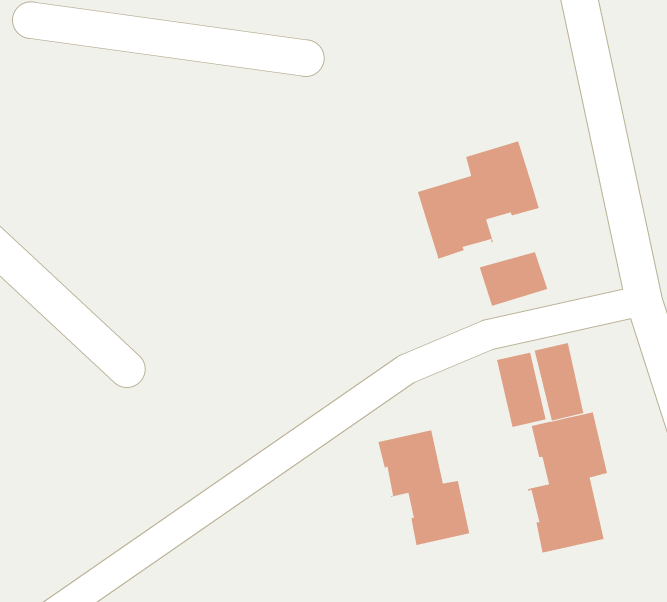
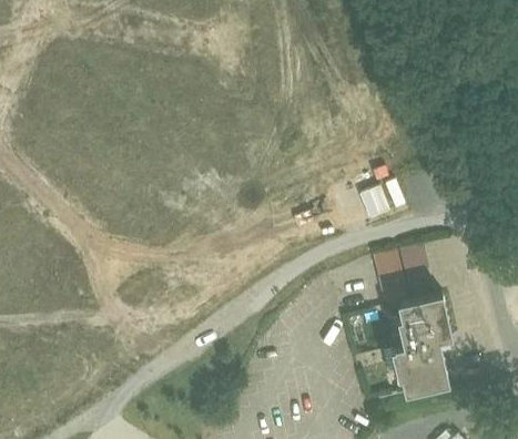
building: [417,141,539,260] -> none
building: [378,430,470,546] -> none

